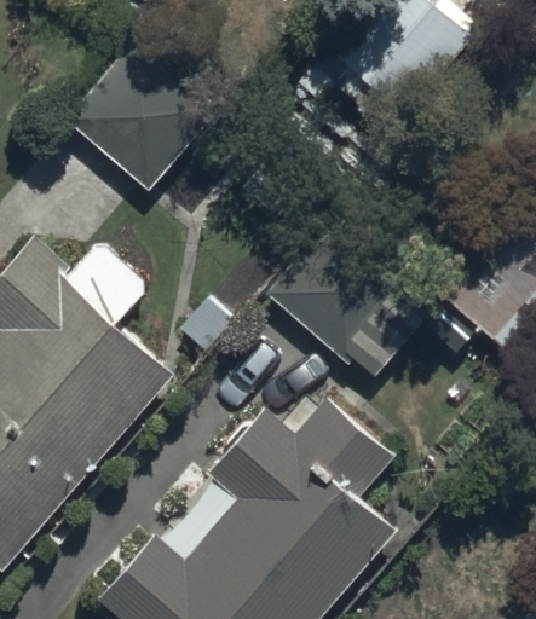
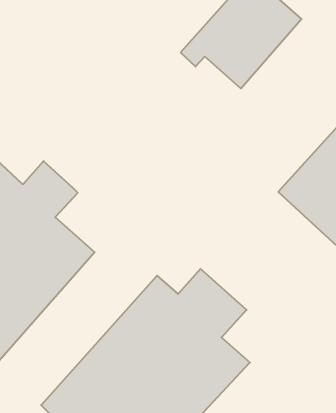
building: [75,51,217,193] -> none
building: [264,214,438,380] -> none

